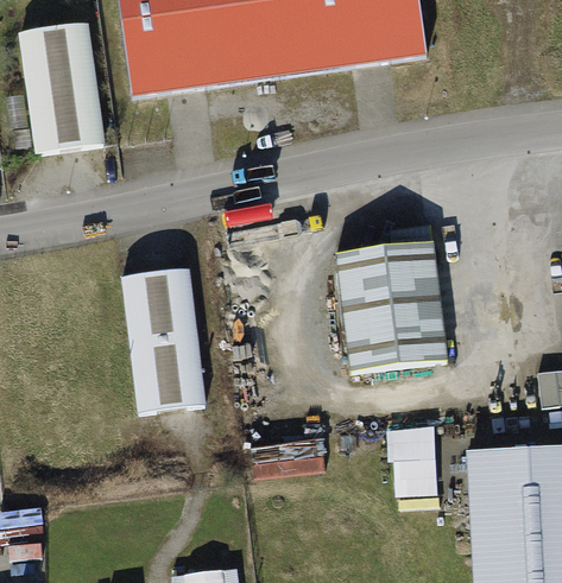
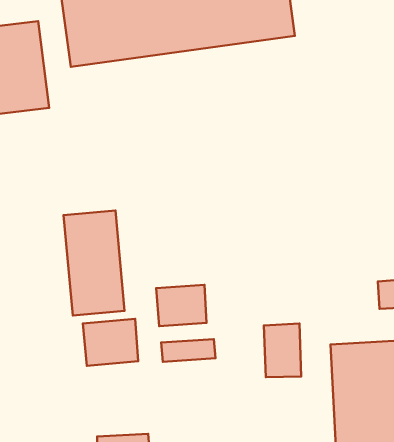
building: [330,242,441,372] -> none
building: none -> [156,285,207,326]
building: none -> [83,319,138,366]

